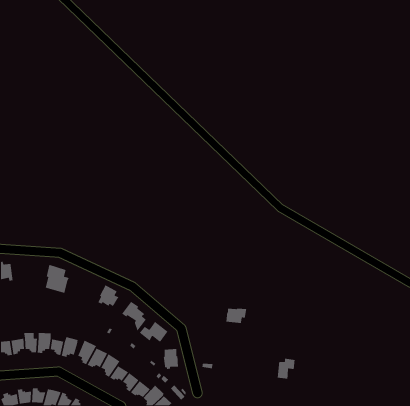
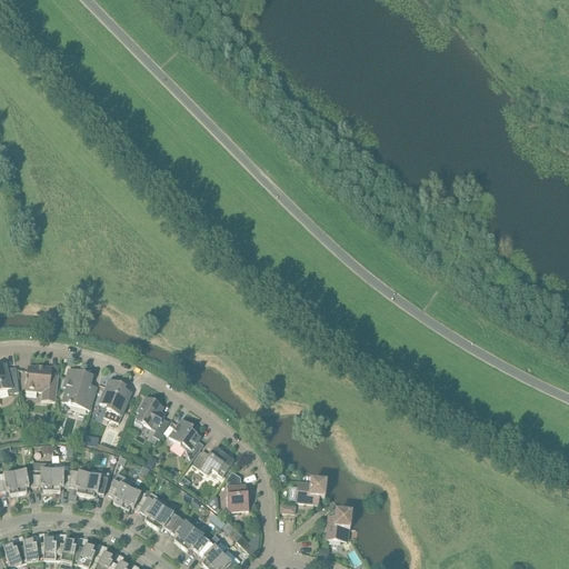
building: none -> [26,362,58,399]
building: none -> [99,378,130,420]
building: [226,307,247,324] -> [296,478,326,501]
building: [277,358,295,380] -> [326,509,351,539]

